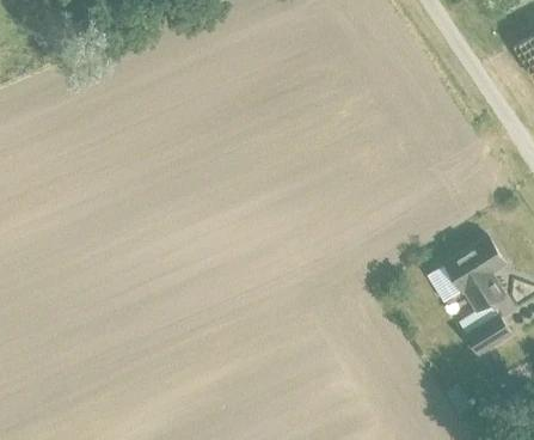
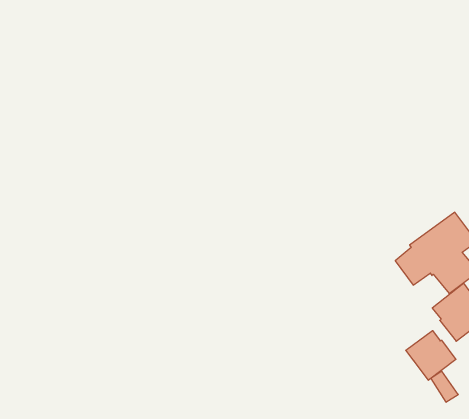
building: none -> [406,331,456,380]

